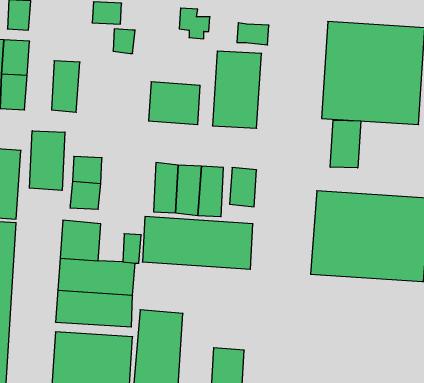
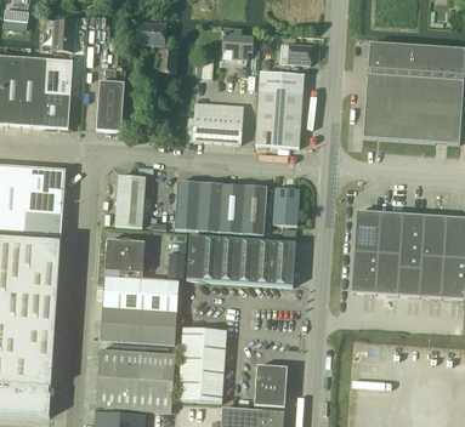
building: [330,120,361,168] -> none
building: [29,131,65,190] -> none
building: none -> [172,180,199,229]

